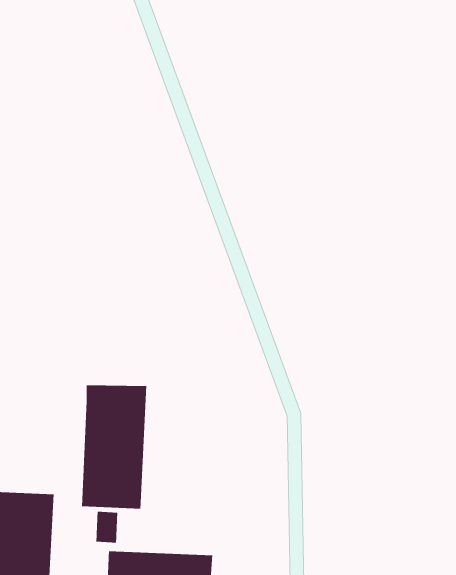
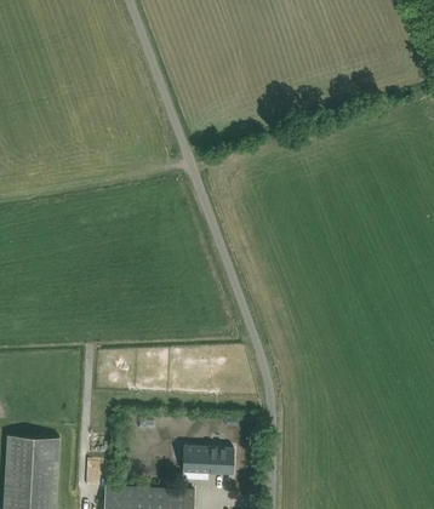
building: [81,384,147,510] -> none
building: none -> [181,446,232,473]

